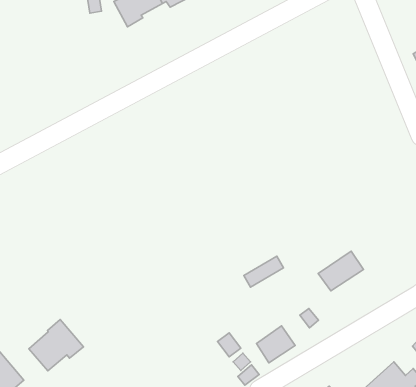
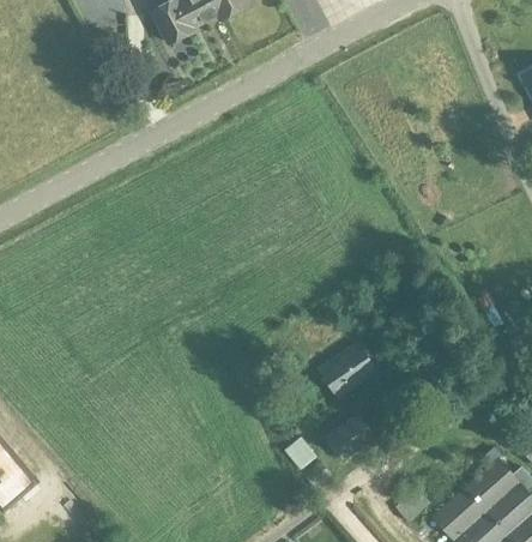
building: [318,251,364,291] -> [322,350,379,399]
building: [29,319,84,371] -> none

